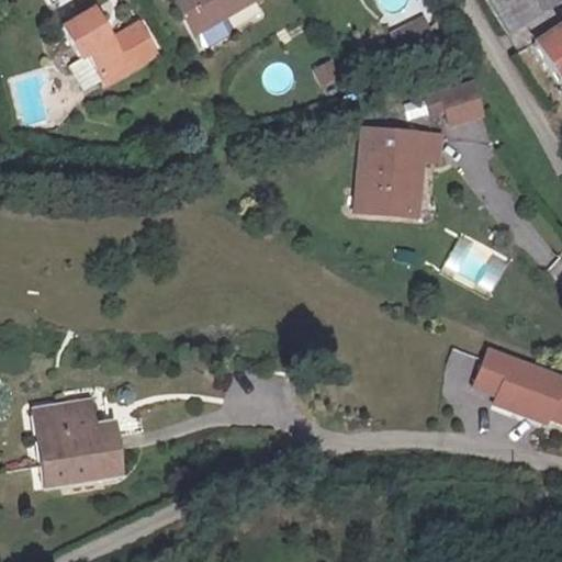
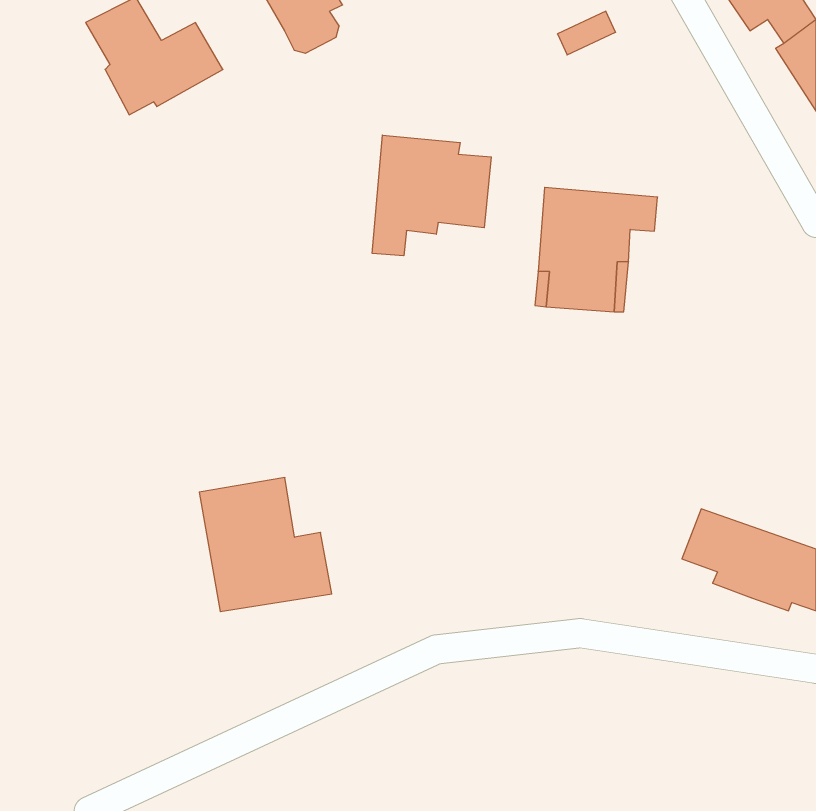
building: [432,81,490,122] -> none
building: none -> [372,135,491,256]
building: [34,400,124,491] -> [199,478,332,612]

